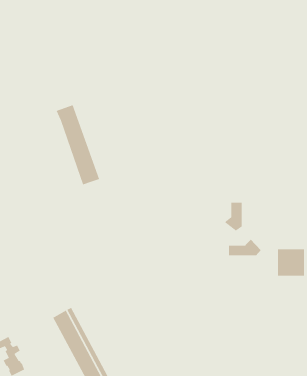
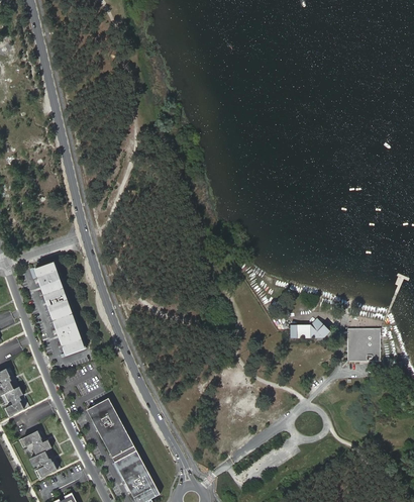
building: [56,104,100,186] -> [32,261,84,355]
building: [224,202,242,232] -> none

